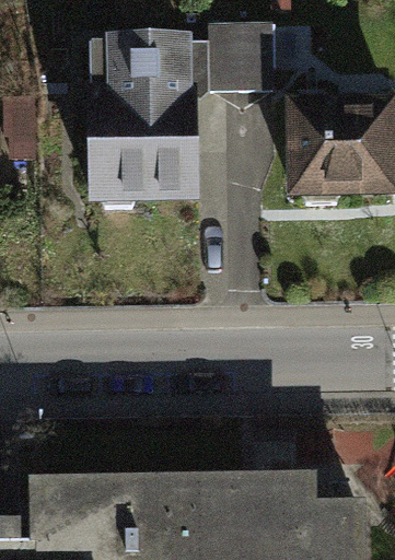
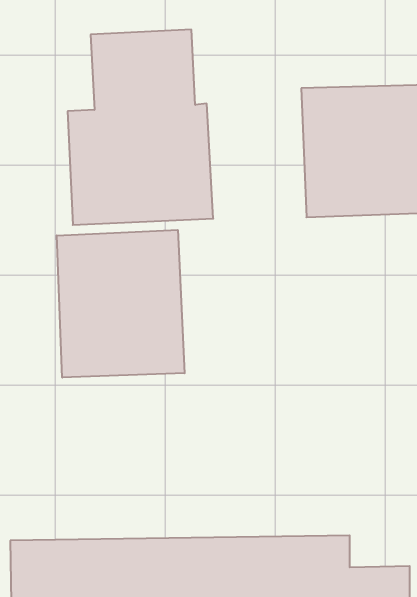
building: [209,25,277,90] -> none
building: none -> [57,230,185,378]

